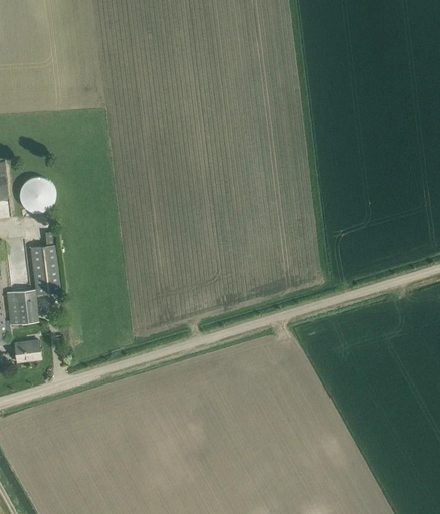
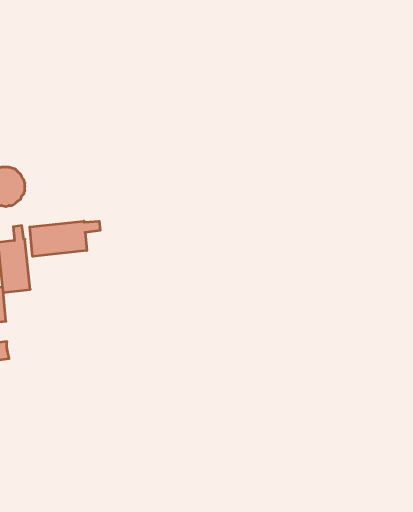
building: none -> [30,221,100,256]

